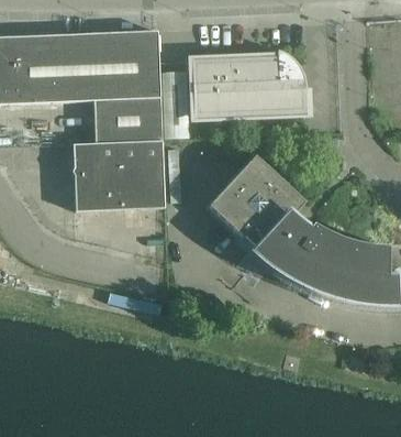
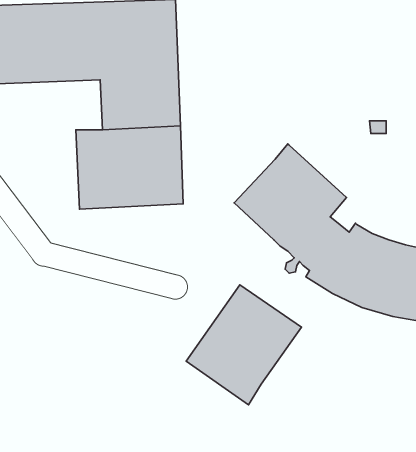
building: [191,48,308,117] -> none
building: none -> [186,285,302,405]

